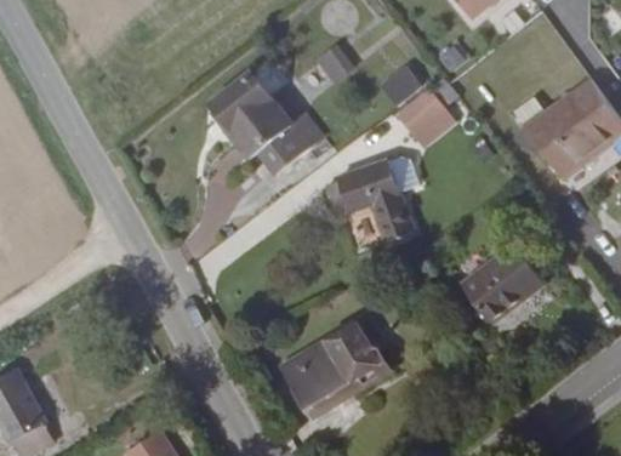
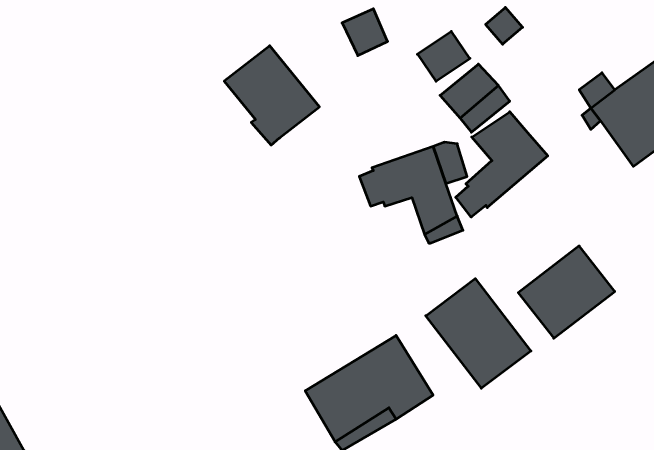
building: [260,115,321,173] -> none
building: none -> [456,112,548,217]
building: none -> [426,279,531,388]

